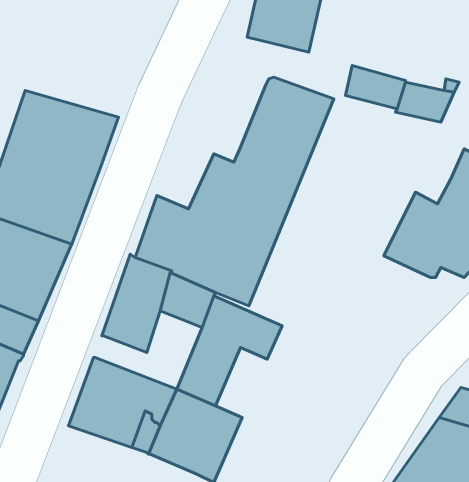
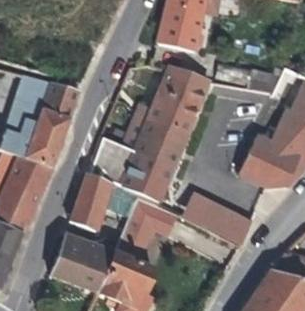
building: none -> [183,192,252,245]

